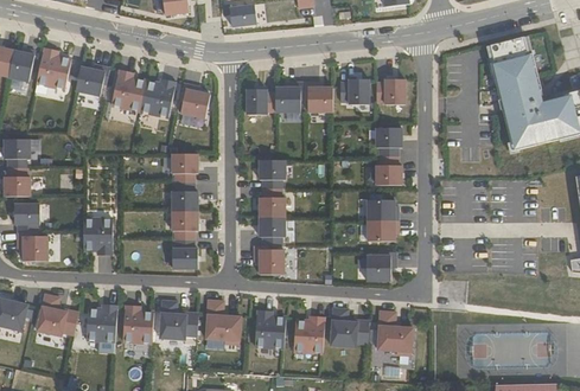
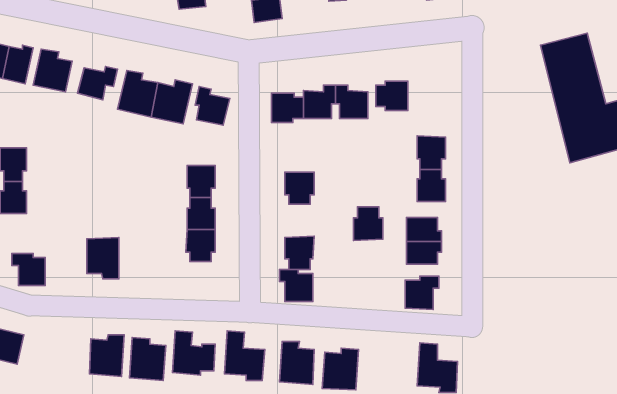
building: [376,78,404,103] -> none
building: [259,187,285,217] -> [353,207,383,240]
building: [14,203,39,231] -> none
building: [171,238,197,268] -> none
building: [36,293,78,335] -> none
building: [330,307,368,346] -> none

